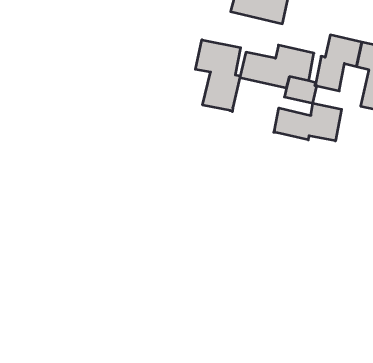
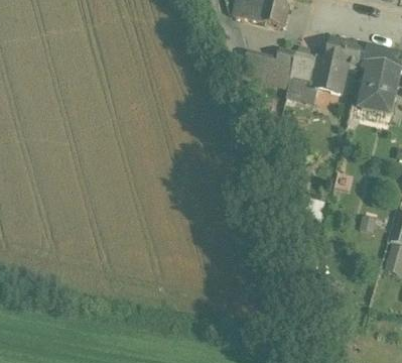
building: [195,40,241,112] -> none
building: [274,103,342,141] -> none

